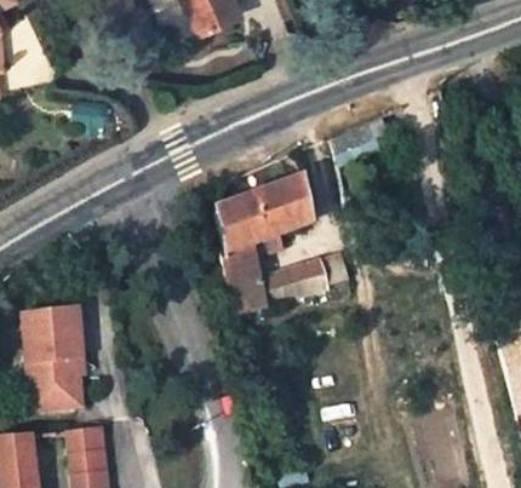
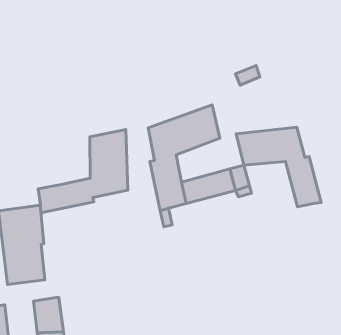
building: none -> [236,127,321,207]
building: none -> [38,130,128,213]

